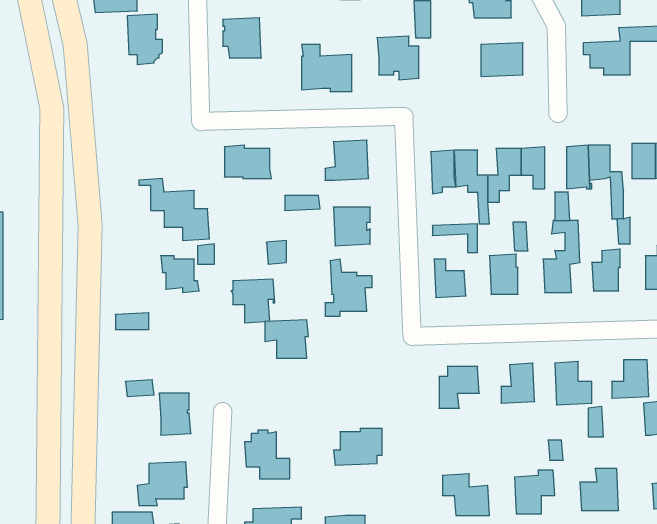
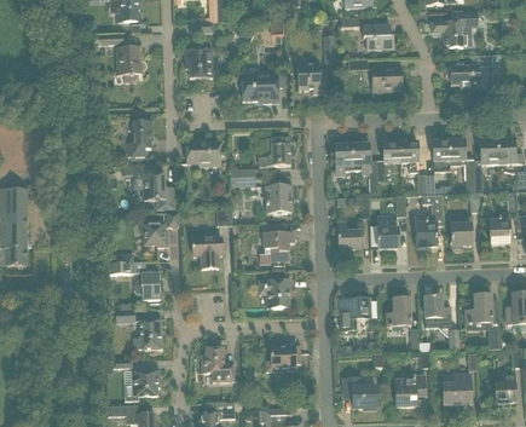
building: none -> [128,120,151,154]
building: [265,320,308,358] -> [259,278,290,306]
building: none -> [134,270,160,299]

